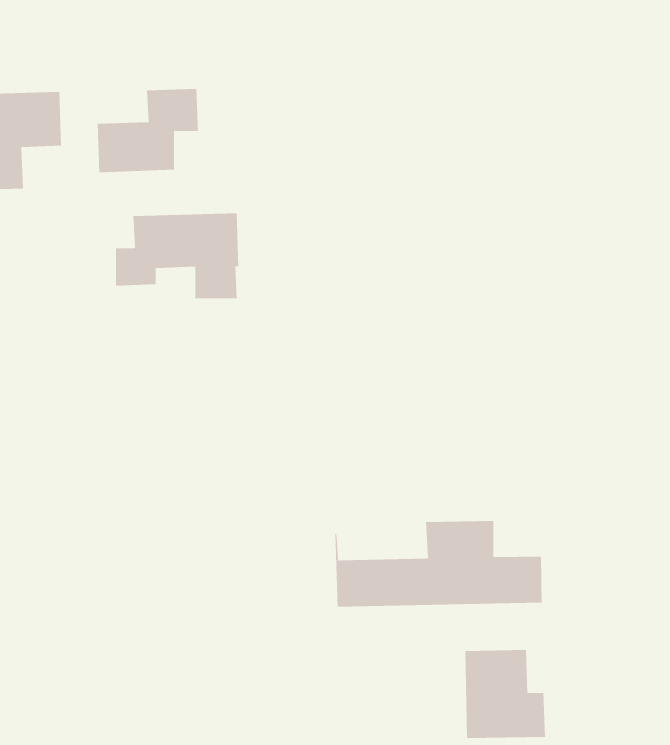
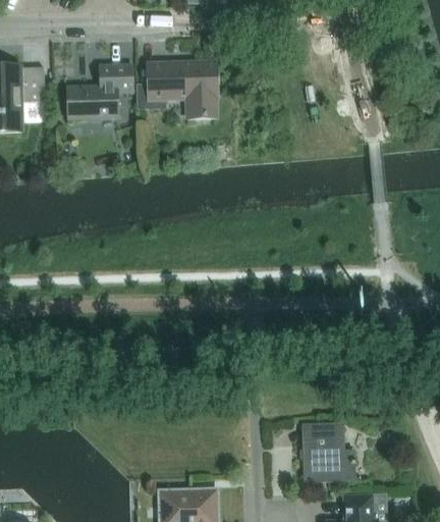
building: [115,213,239,299] -> [136,62,216,117]
building: [335,520,542,607] -> none

